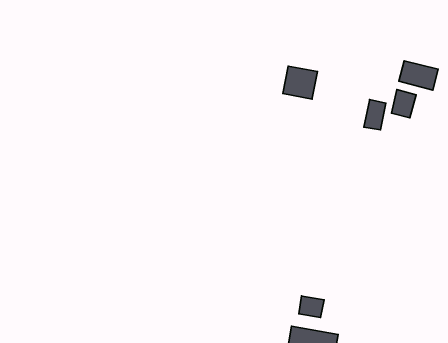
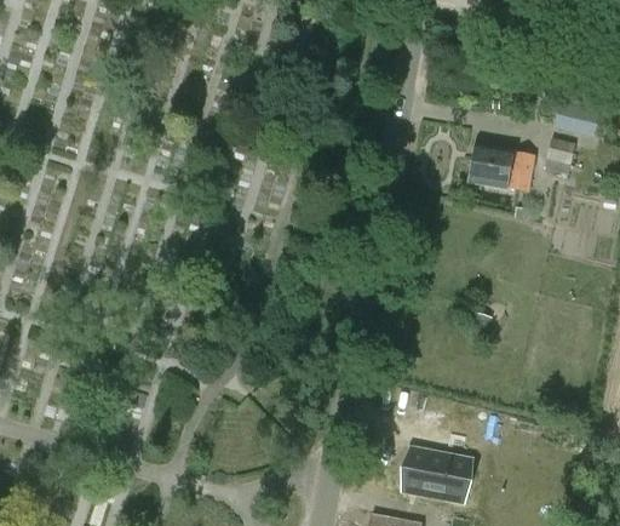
building: [283,66,318,99] -> [467,144,513,188]
building: [299,296,324,318] -> none

